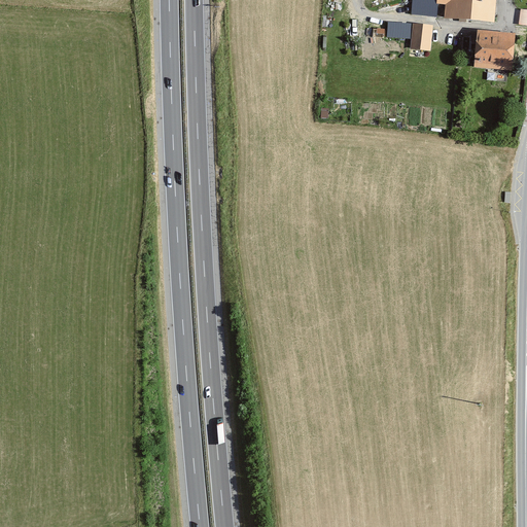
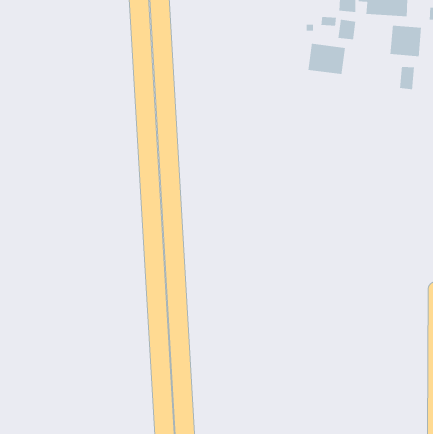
building: none -> [308,43,346,75]
building: none -> [399,66,415,90]

